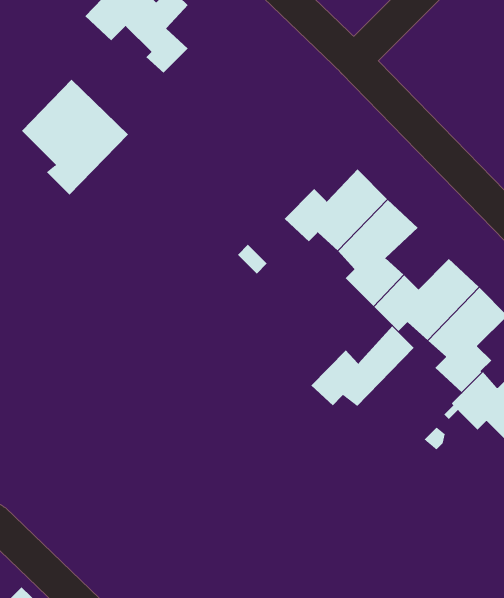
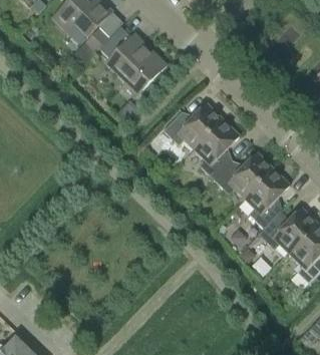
building: [21,79,129,195] -> [105,33,166,98]
building: [310,325,415,407] -> none

